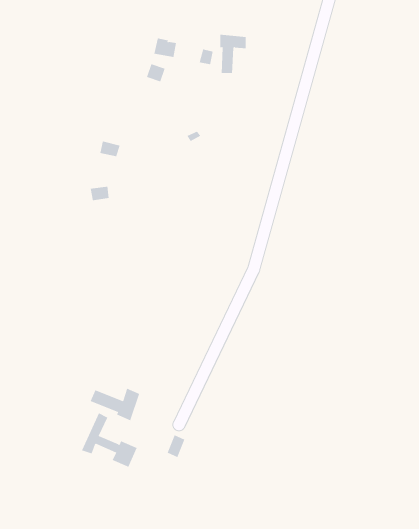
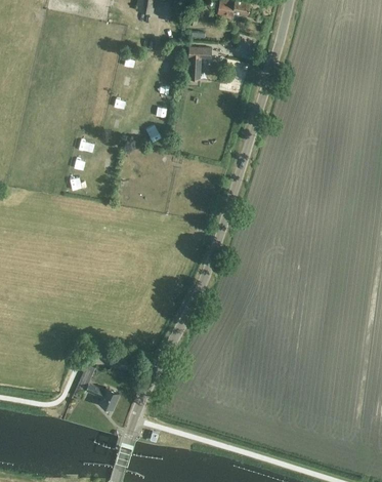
building: [90,388,140,421] -> none

